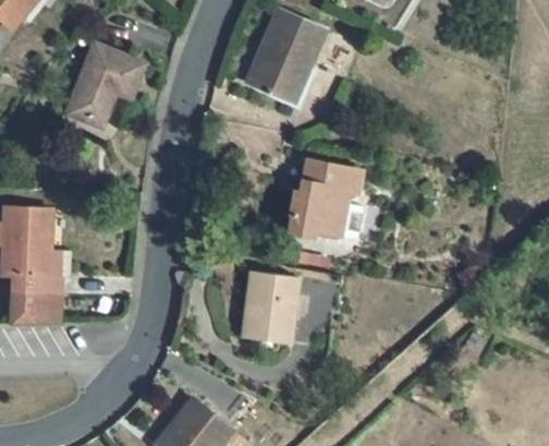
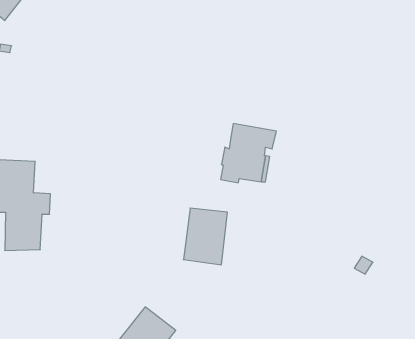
building: [247,9,326,104] -> none
building: [66,45,145,128] -> none

